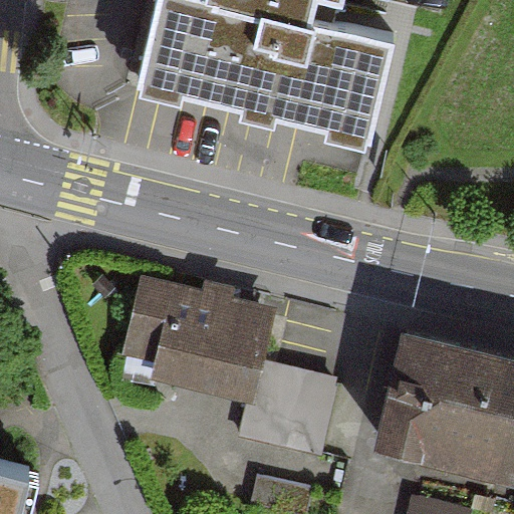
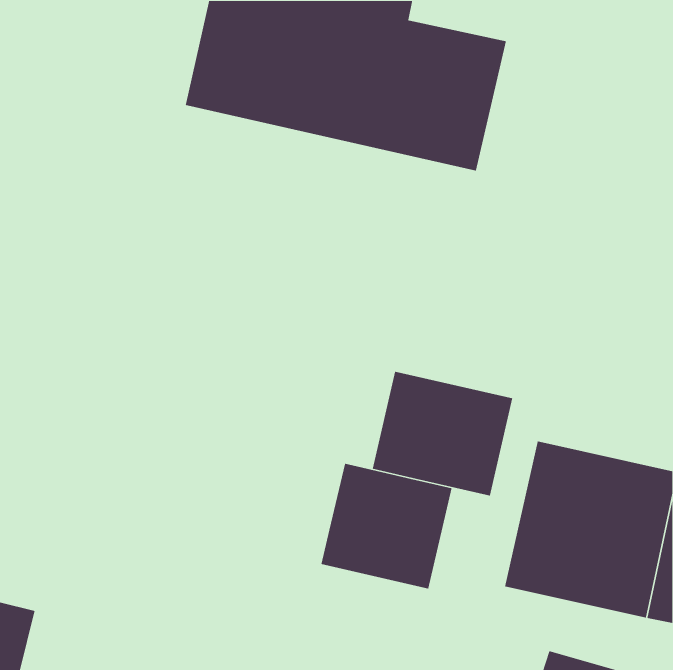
building: [123,282,272,407] -> none
building: none -> [372,371,513,497]

